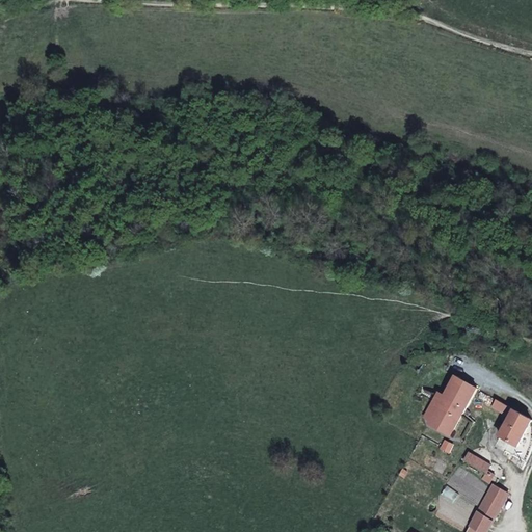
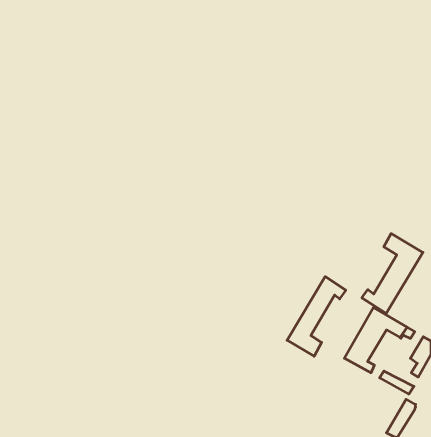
building: none -> [362,234,423,314]
building: none -> [287,277,346,356]

